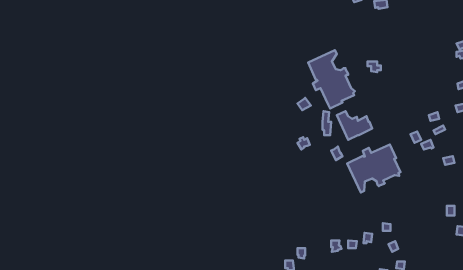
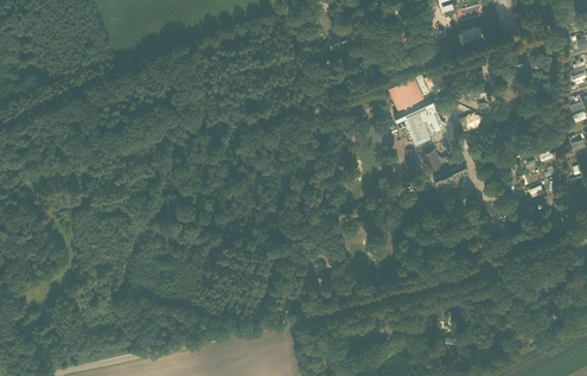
building: [347,145,400,192] -> none

